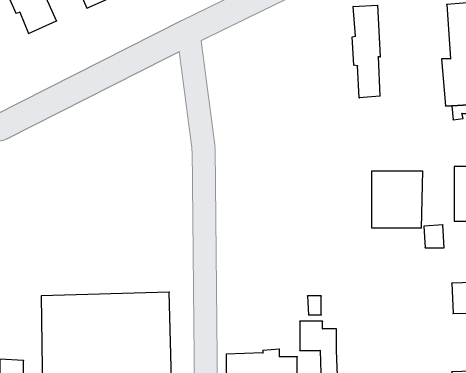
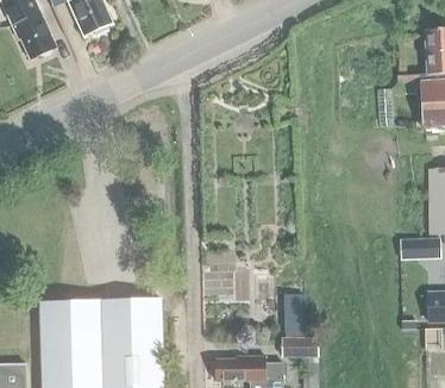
building: [352,5,380,98] -> none
building: [372,171,423,228] -> none

